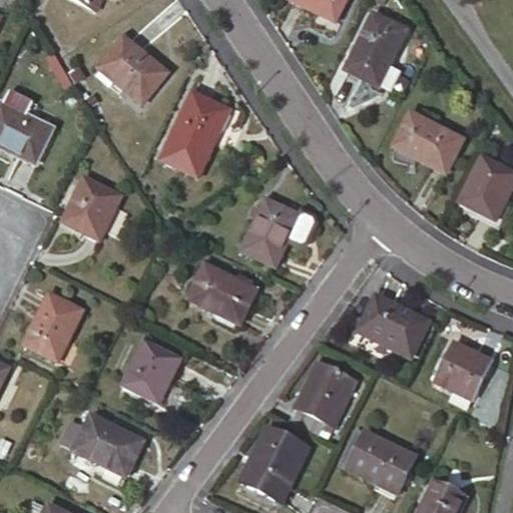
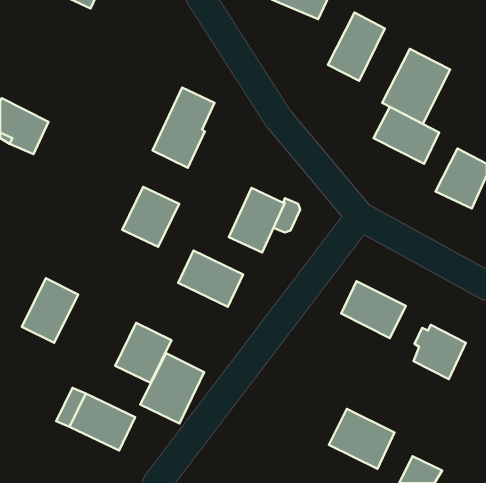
building: [98,36,167,103] -> none
building: none -> [382,49,450,124]
building: [62,176,122,239] -> [122,187,179,247]
building: [289,363,357,436] -> none
building: [240,427,308,501] -> [140,353,204,424]

